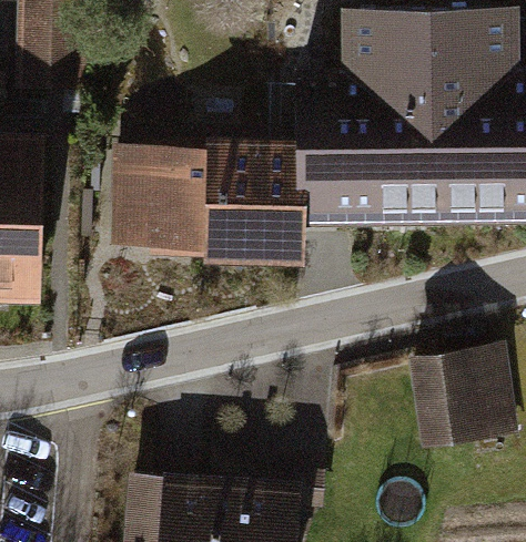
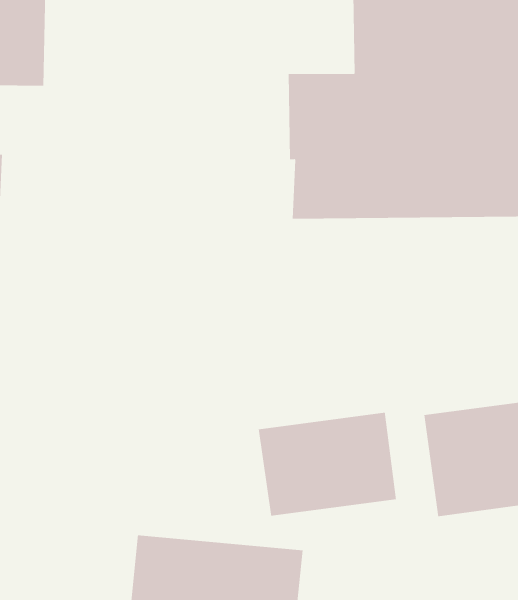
building: [105,147,295,249] -> none
building: none -> [258,412,397,517]

